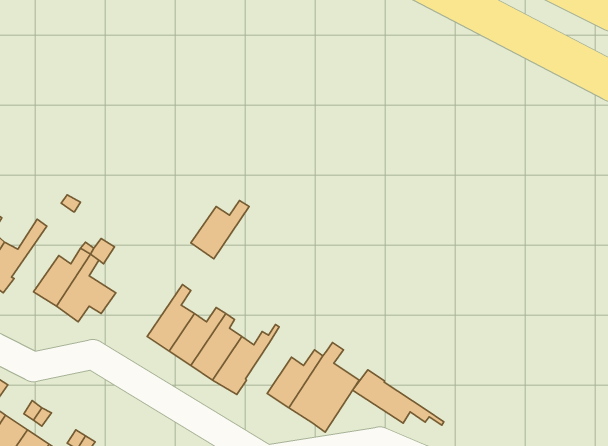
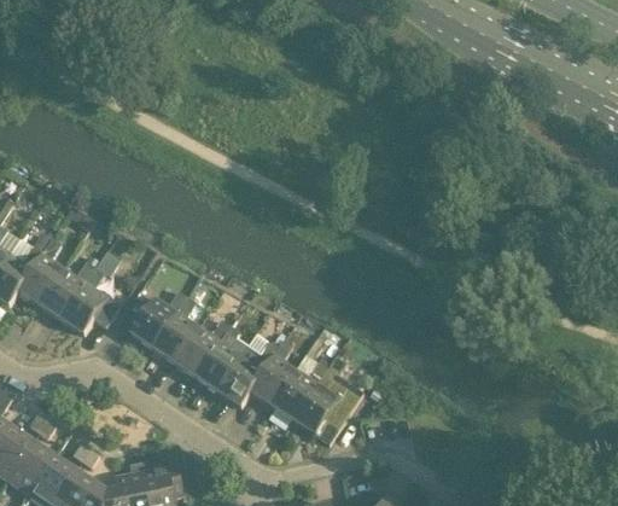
building: [191,201,249,259] -> [129,291,187,349]
building: none -> [17,239,64,304]
building: none -> [250,339,296,406]
building: [353,370,444,425] -> none

